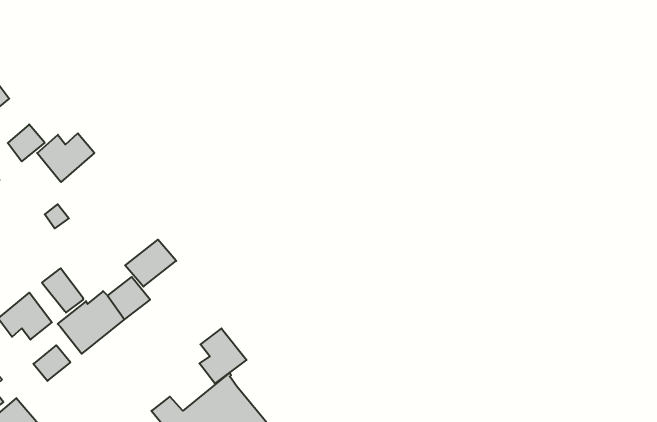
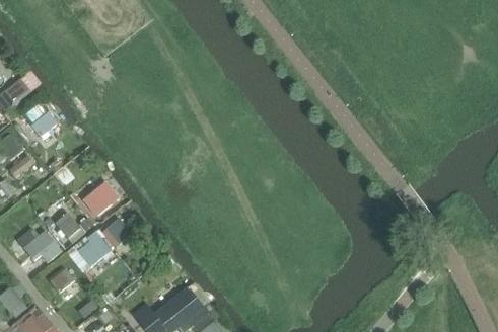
building: [37,133,94,182] -> none
building: [125,240,176,287] -> [83,181,120,215]
building: [199,328,247,383] -> none

